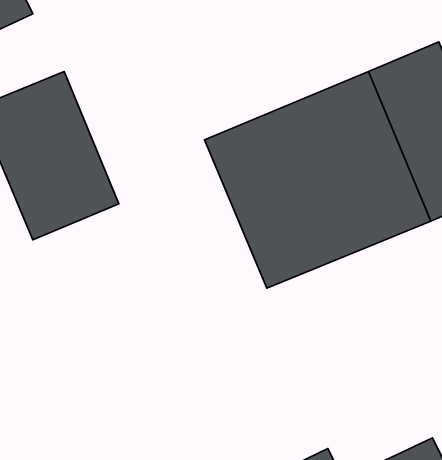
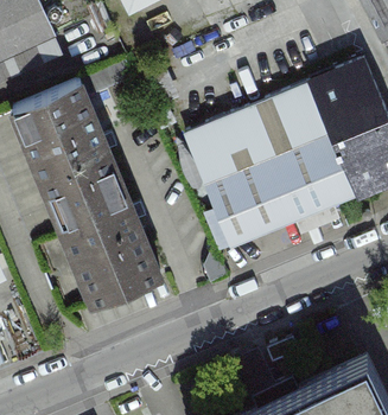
building: none -> [55,183,159,304]

